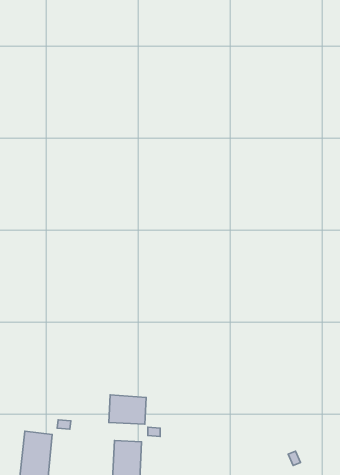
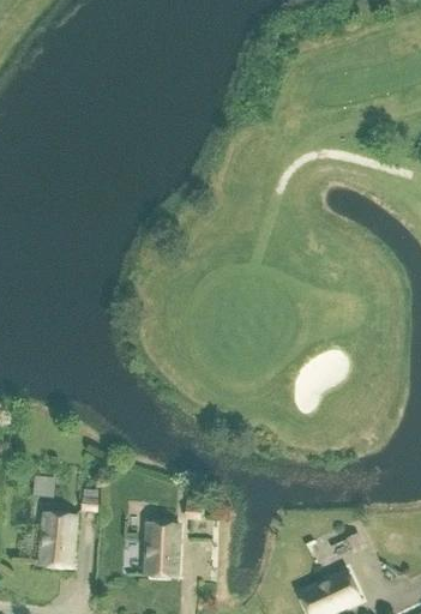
building: [109,395,146,424] -> none

